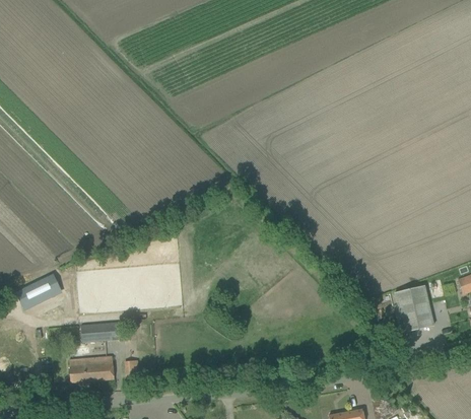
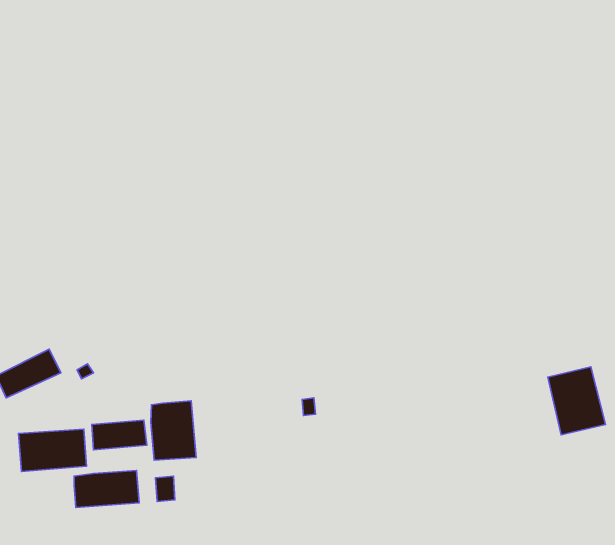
building: none -> [151,401,196,460]
building: none -> [18,429,87,472]

